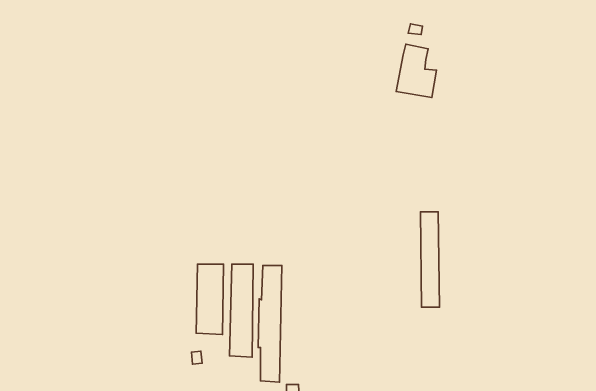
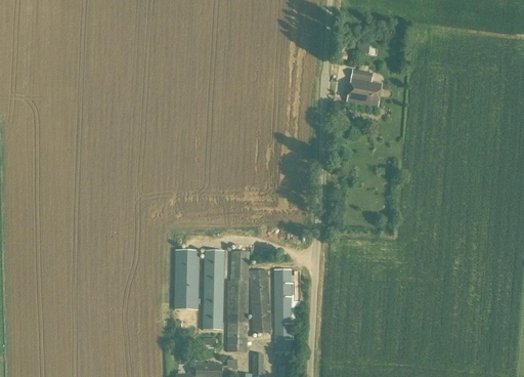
building: [420,212,440,307] -> [274,268,291,350]
building: none -> [249,268,270,331]

